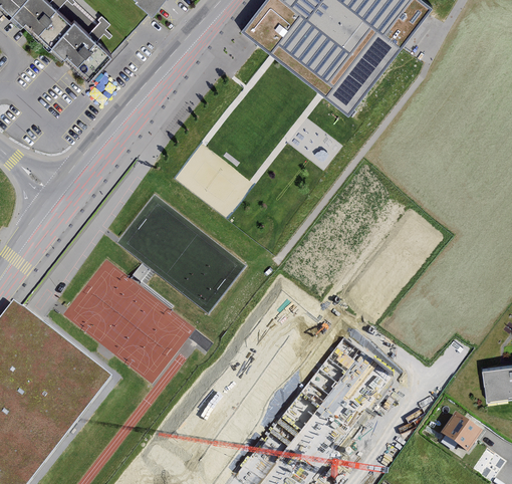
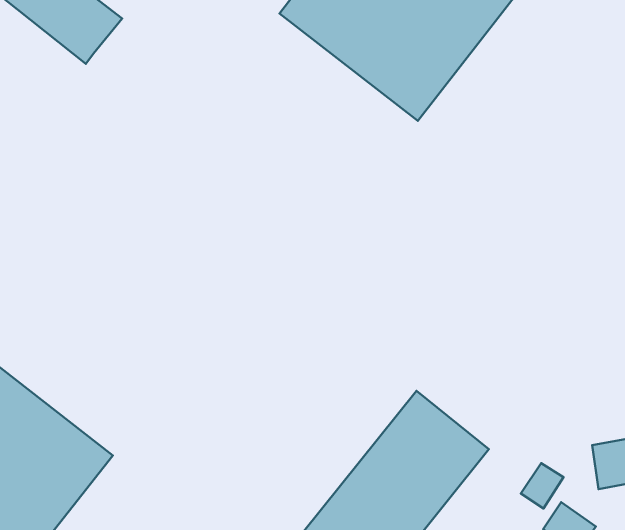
building: none -> [521,463,563,509]

